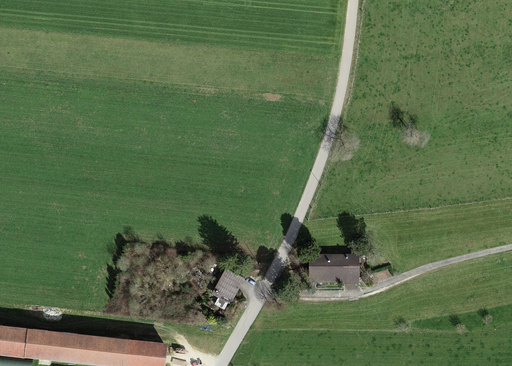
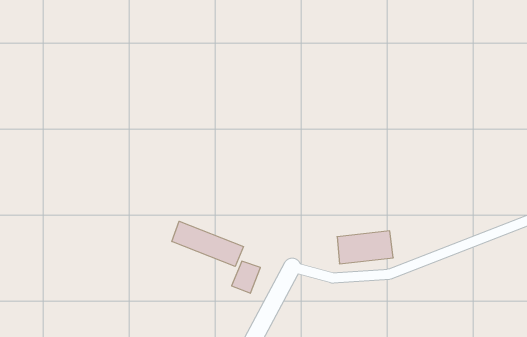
building: none -> [172,221,244,266]

